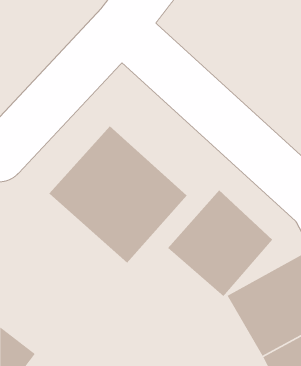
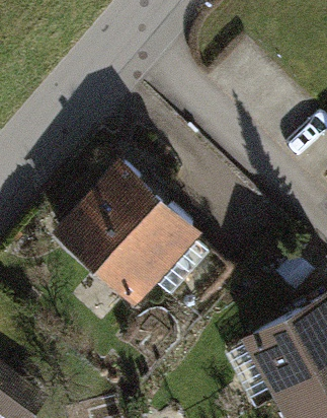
building: [167,190,273,297] -> none

